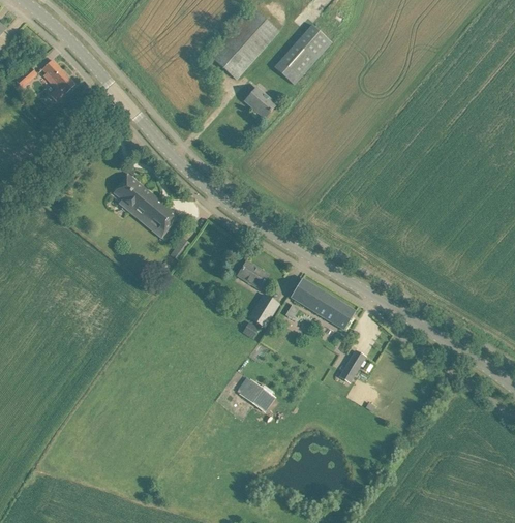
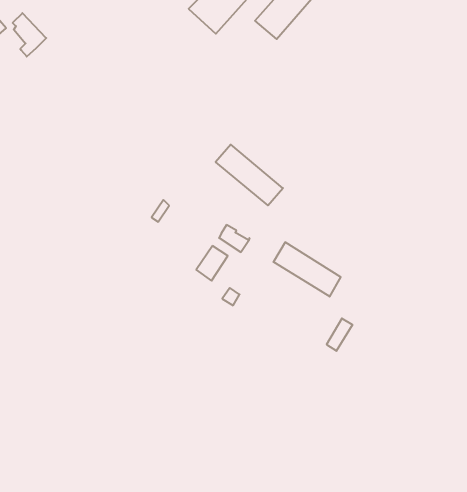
building: [244,88,275,118] -> none
building: [114,176,178,234] -> [216,145,283,205]
building: [248,294,278,327] -> [196,246,228,281]
building: [239,379,271,409] -> none

